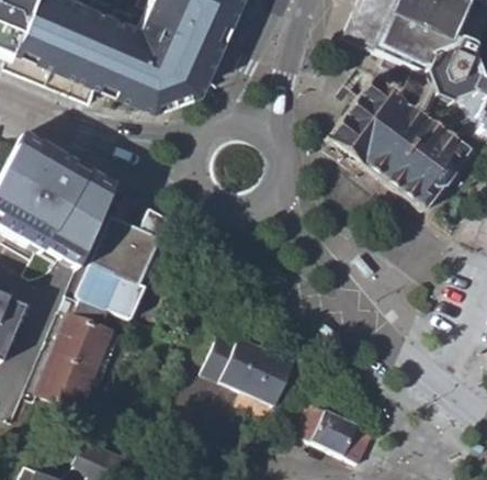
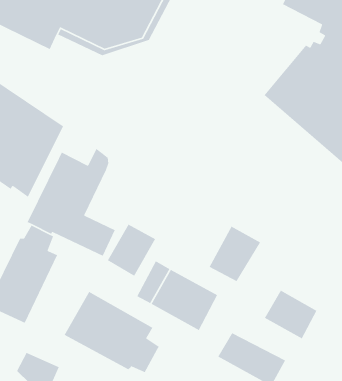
building: none -> [208,226,261,282]
building: none -> [107,223,156,277]
building: none -> [264,289,318,339]
building: none -> [63,291,160,373]

